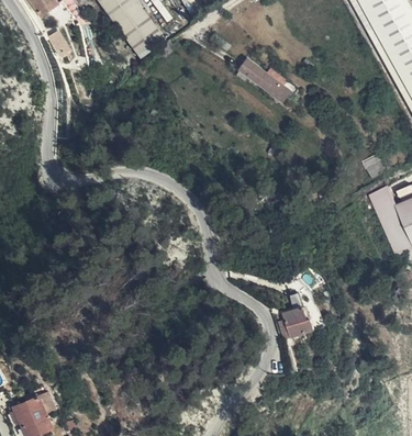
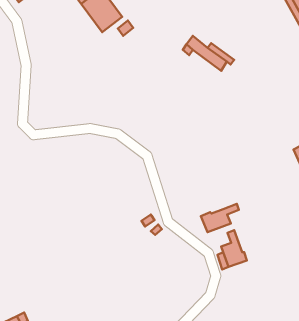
building: none -> [201,204,239,232]

